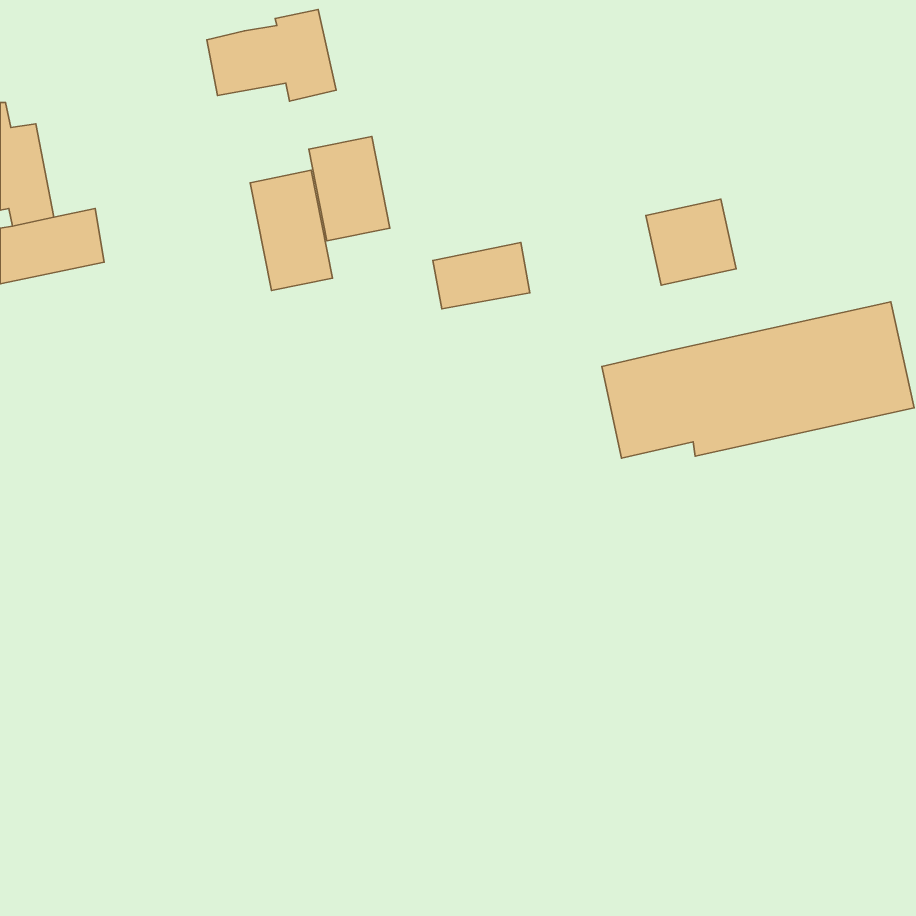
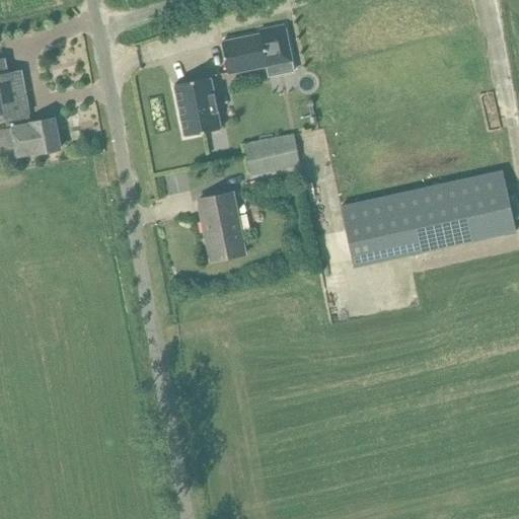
building: [207,9,336,101] -> [222,24,295,76]
building: [250,170,333,291] -> [199,193,245,261]
building: [646,199,736,285] -> none

